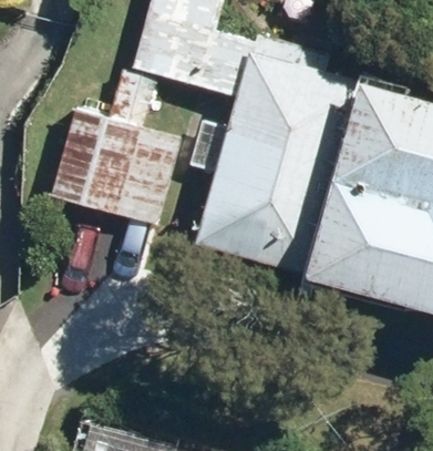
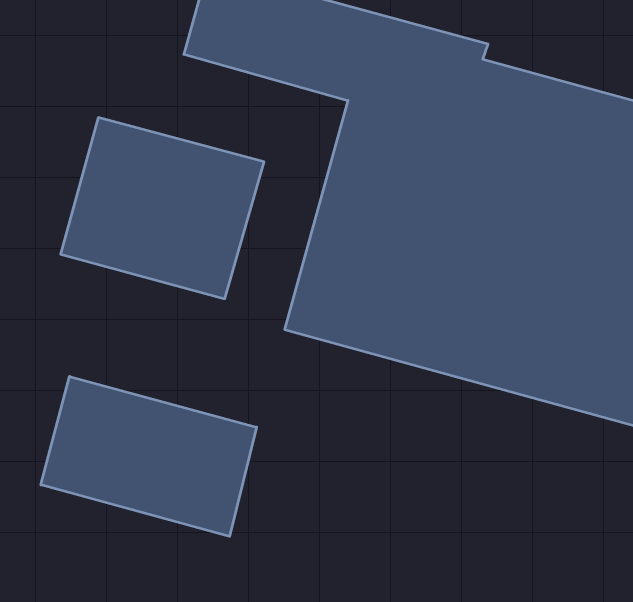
building: none -> [41,376,257,536]

